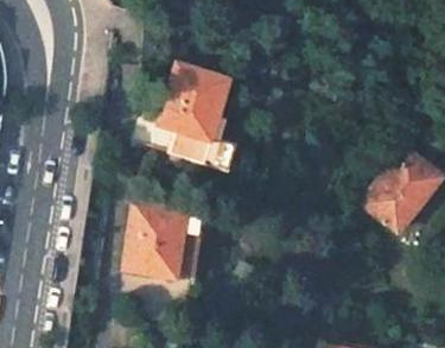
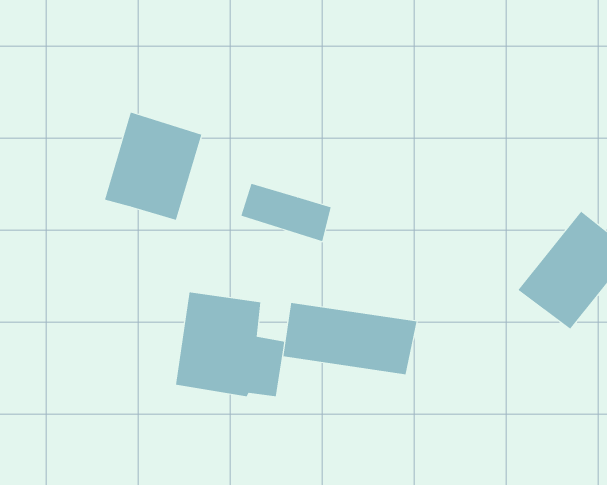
building: [161,64,229,139] -> [104,112,202,220]
building: none -> [283,302,417,375]

